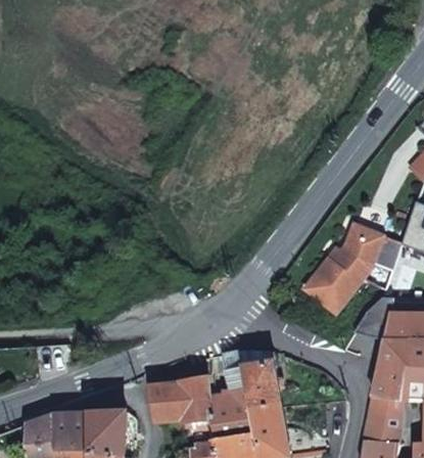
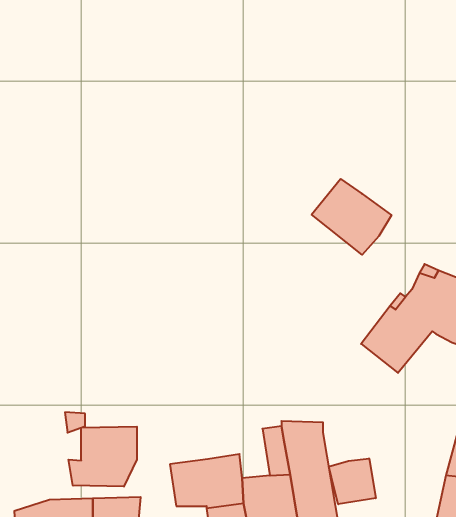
building: none -> [312,179,391,255]
building: none -> [68,427,137,487]
building: none -> [329,458,376,504]

